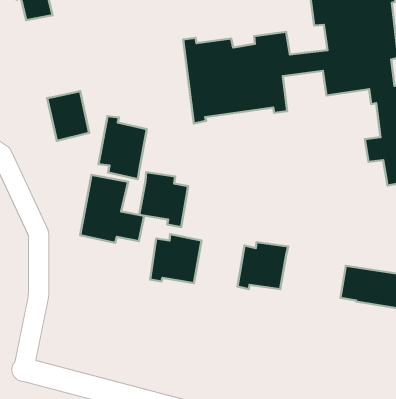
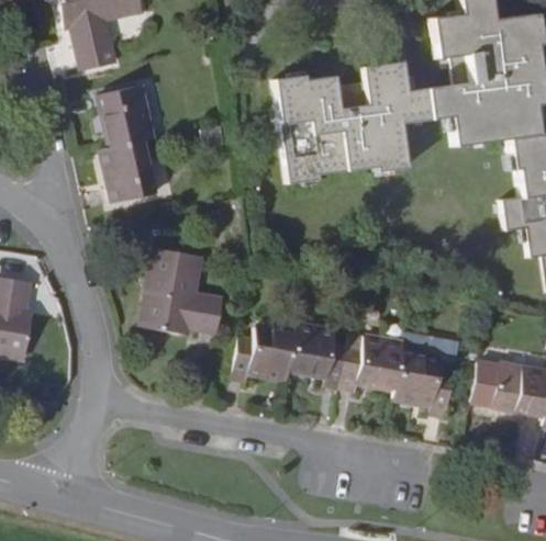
building: none -> [99,84,154,149]
building: [99,116,147,179] -> none
building: [139,172,188,227] -> [291,318,353,387]
building: none -> [397,348,456,415]

